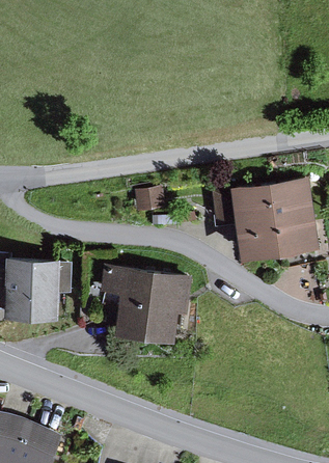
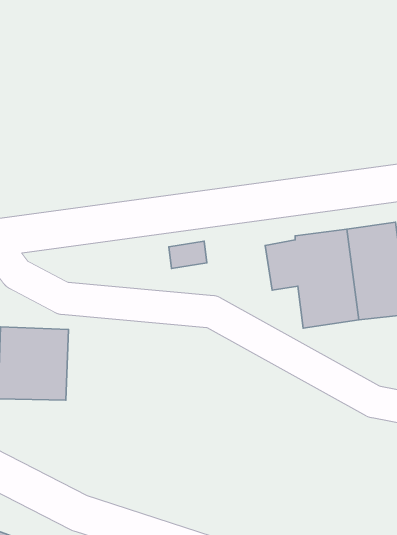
building: [102,269,190,343] -> none

